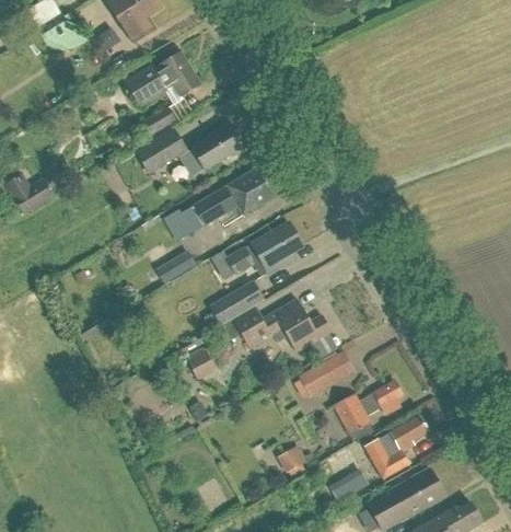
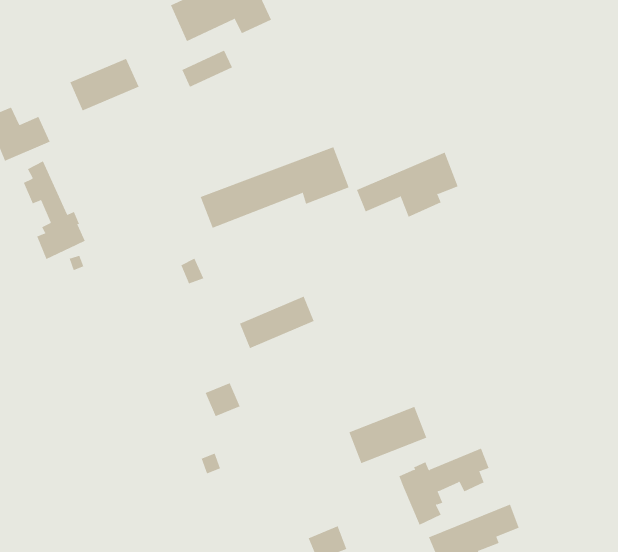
building: [191,126,241,170] -> none
building: [135,127,186,170] -> [69,58,139,111]
building: none -> [23,161,85,260]
building: [229,222,303,274] -> [356,152,459,218]
building: [233,299,332,352] -> none

